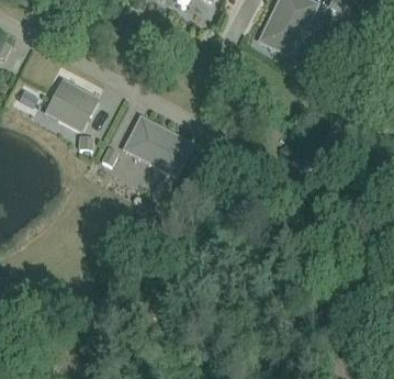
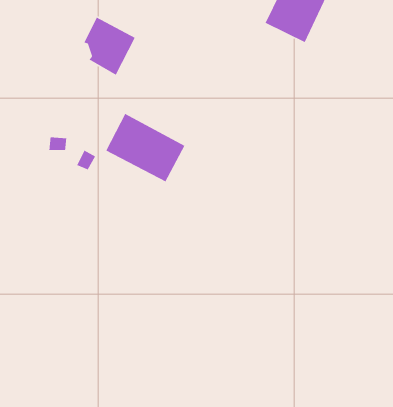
building: [53,80,97,130] -> [83,17,136,76]

